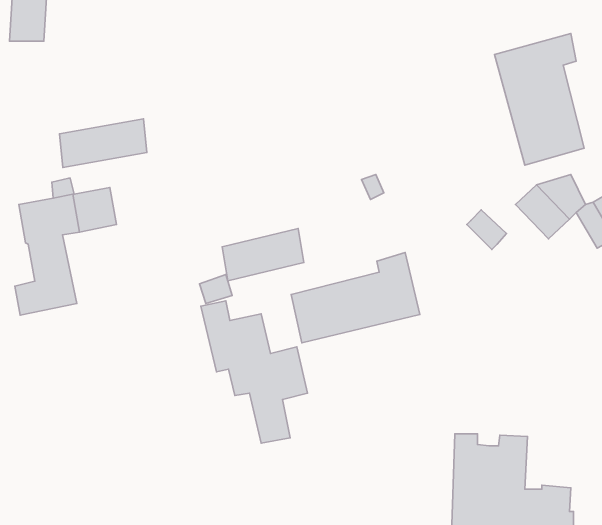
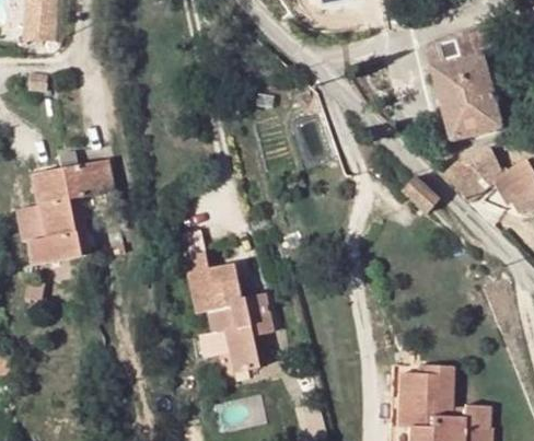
building: [59,119,147,167] -> none
building: [222,229,304,281] -> none
building: [291,253,420,343] -> none

